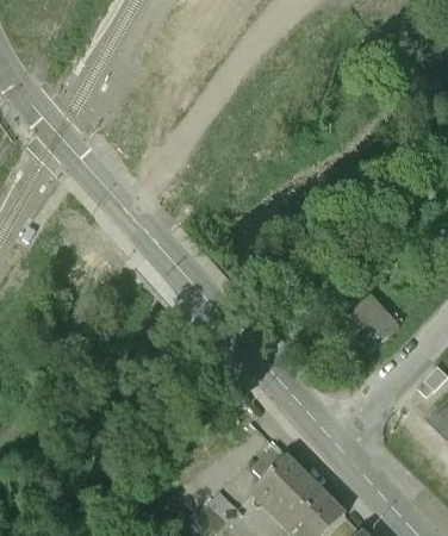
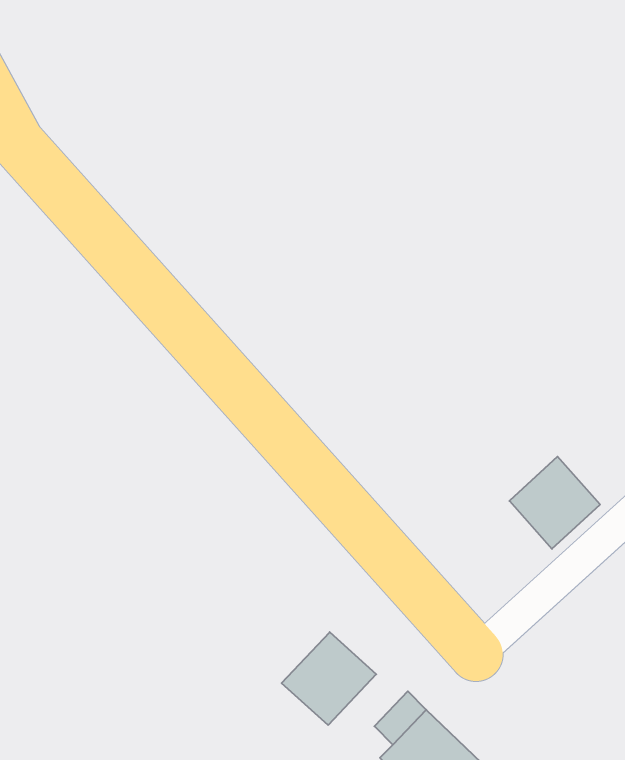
building: none -> [282,632,376,725]

